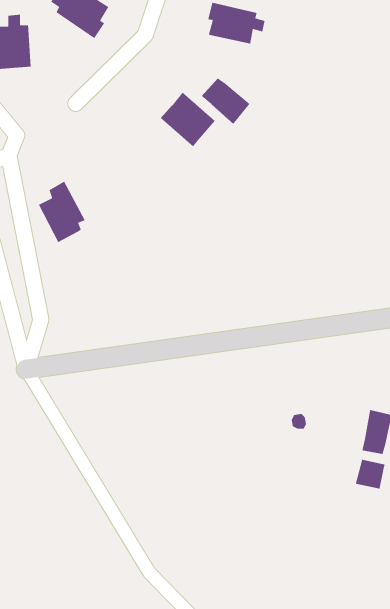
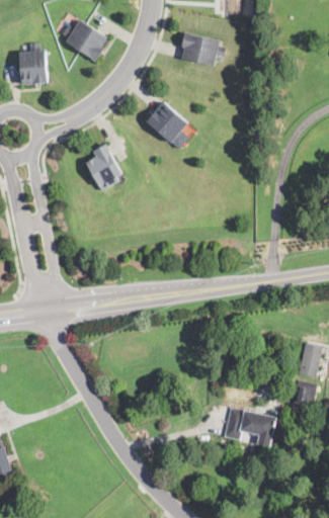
building: [201,77,251,125] -> none
building: [38,180,86,243] -> [85,144,121,191]
building: none -> [223,407,276,446]

